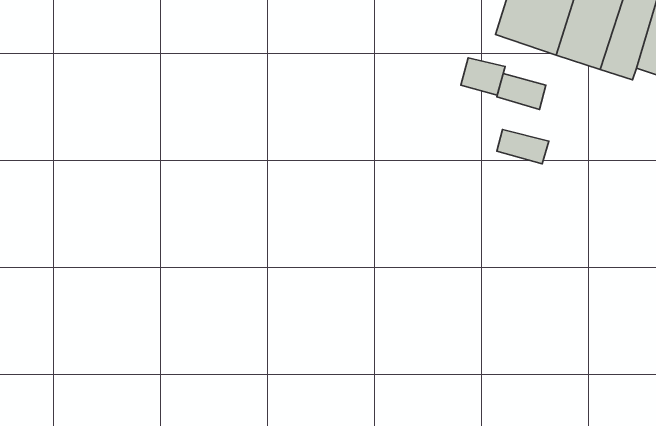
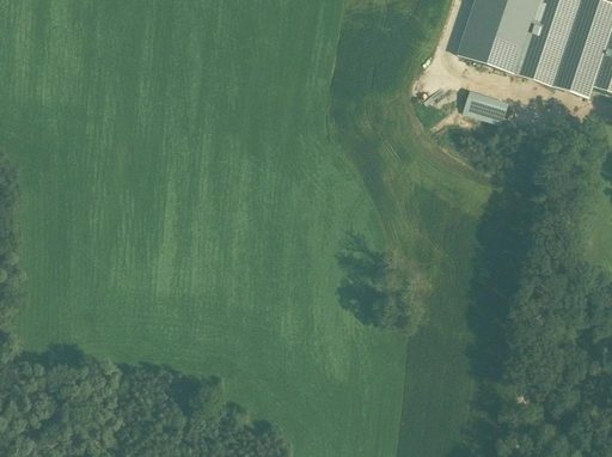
building: [461,58,505,95] -> none
building: [497,130,549,164] -> none

